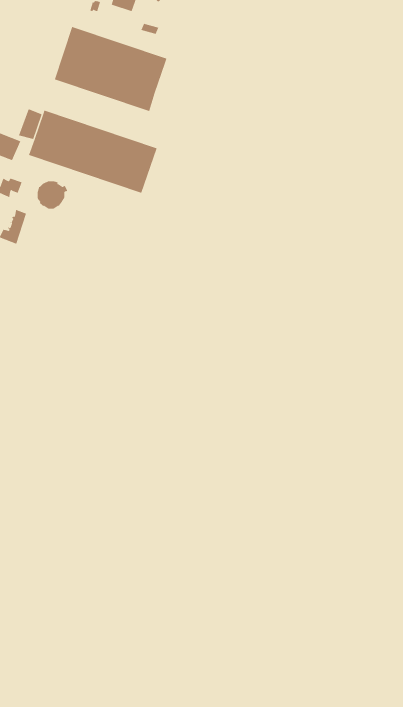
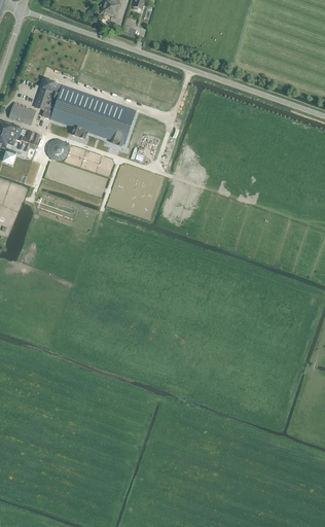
building: [54,26,167,112] -> none

